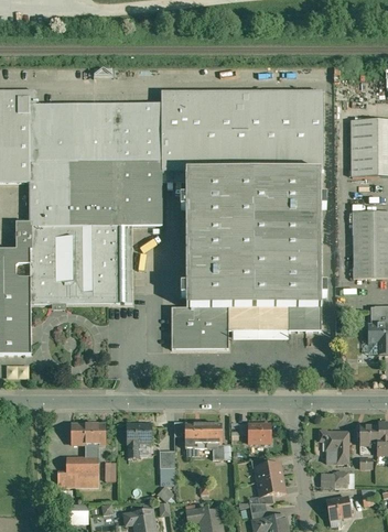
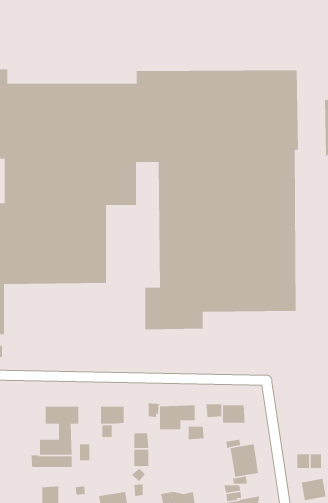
building: [320,430,348,462] -> none

